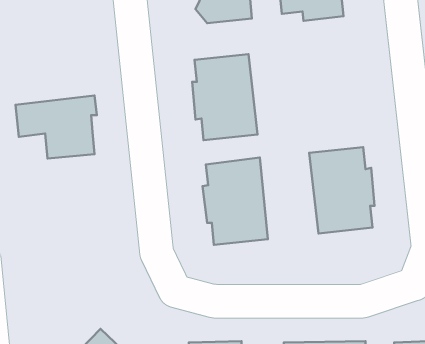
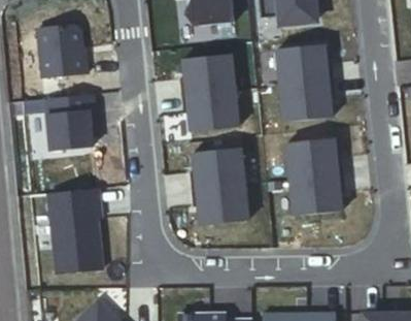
building: none -> [37,26,88,78]
building: none -> [276,44,335,123]
building: none -> [52,187,101,272]

